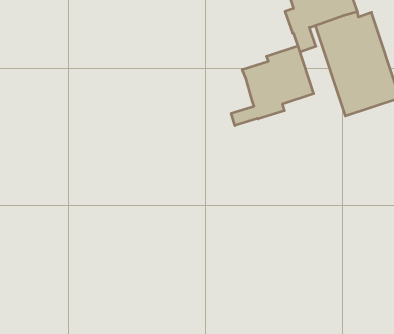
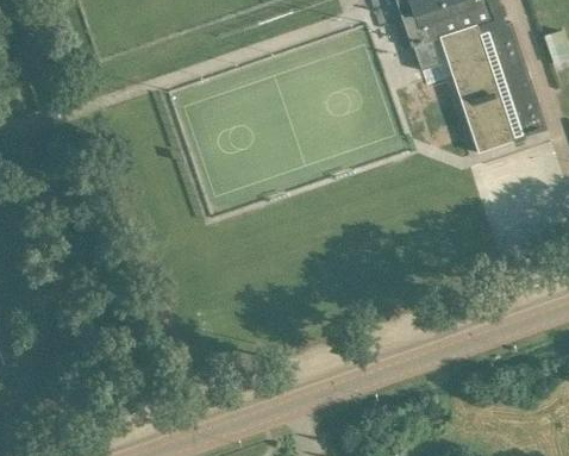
building: [231,46,314,126] -> none

